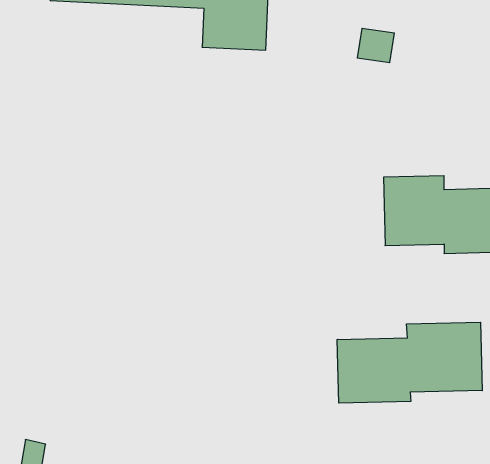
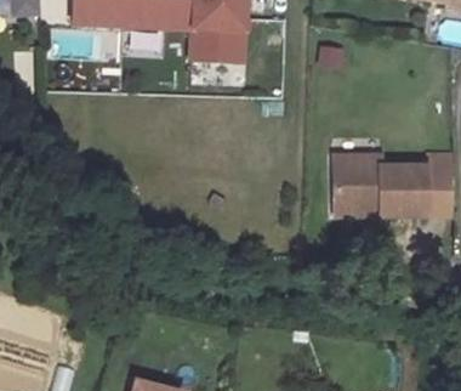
building: [337,322,482,403] -> none

